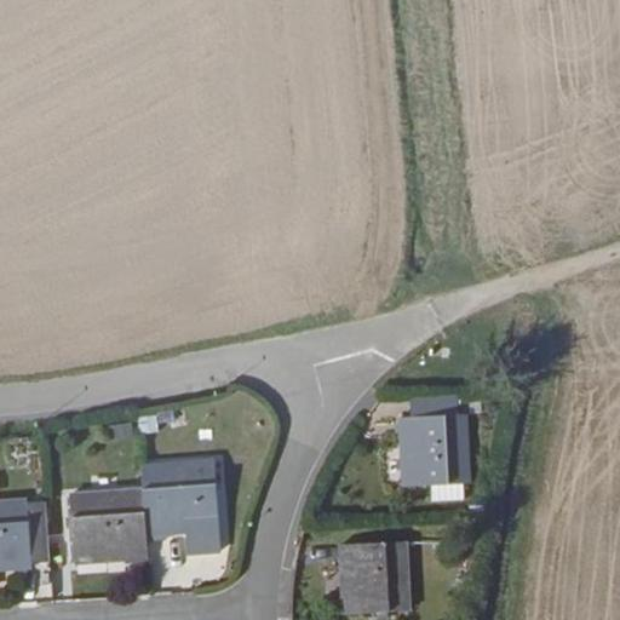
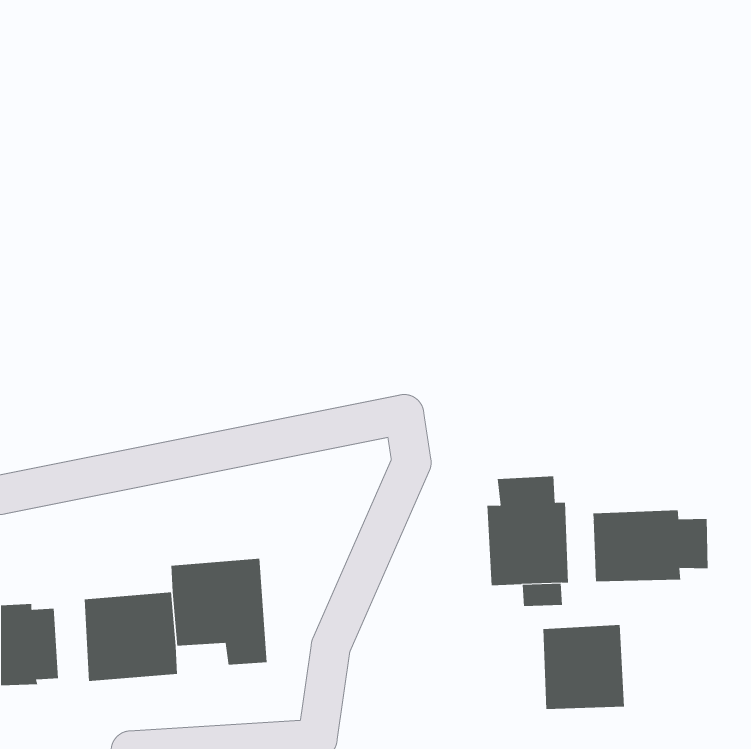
building: none -> [593,510,708,582]
building: [340,542,408,613] -> [543,624,625,710]

